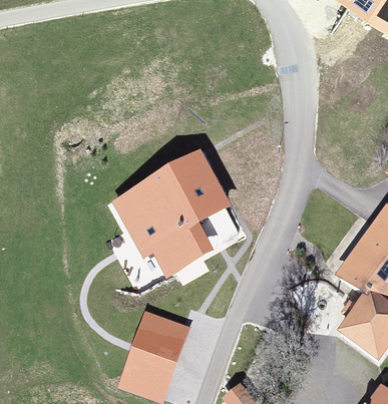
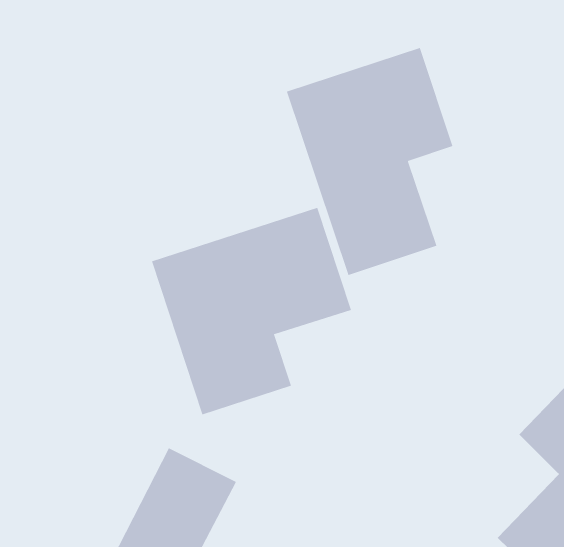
building: none -> [286,47,453,276]

